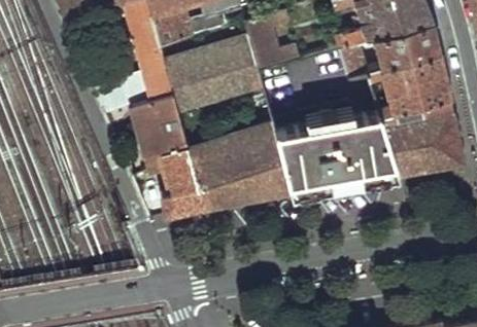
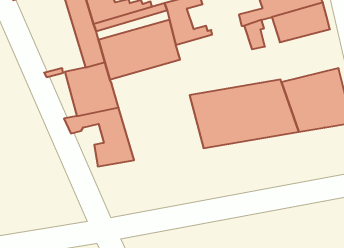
building: [369,53,452,116] -> none
building: [182,94,292,209] -> none

